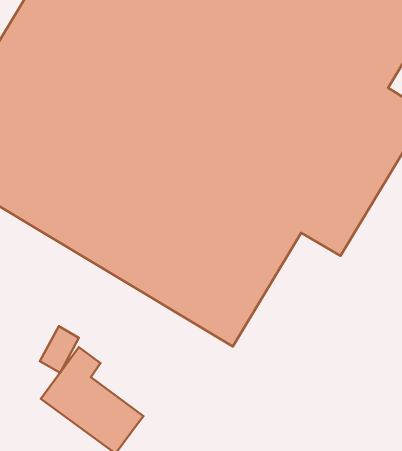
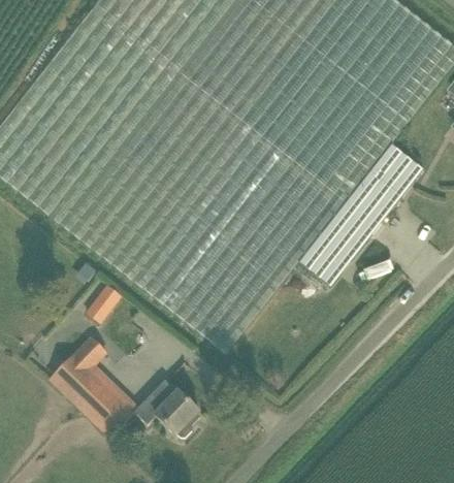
building: [40,326,79,373] -> [84,282,121,323]
building: none -> [133,378,198,436]

